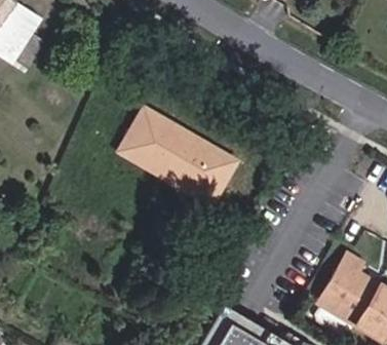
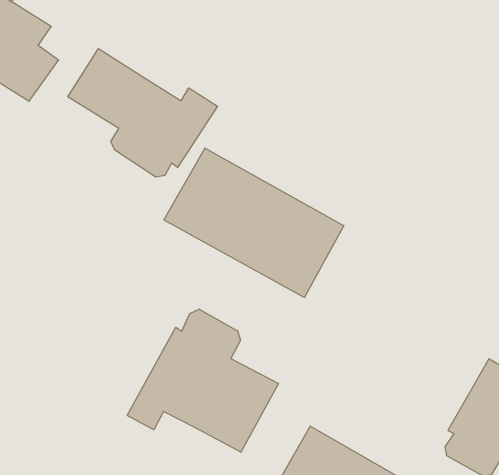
building: none -> [68,49,218,177]
building: none -> [127,309,278,452]

